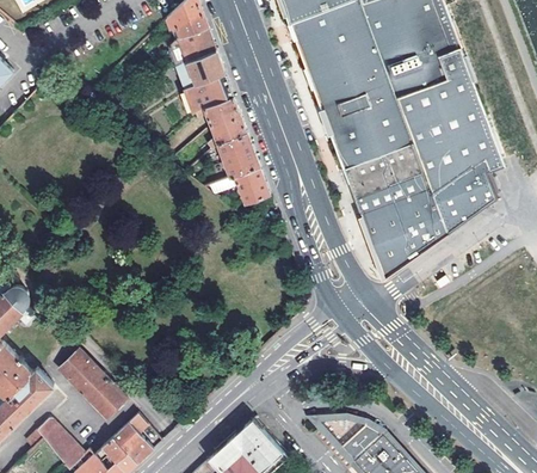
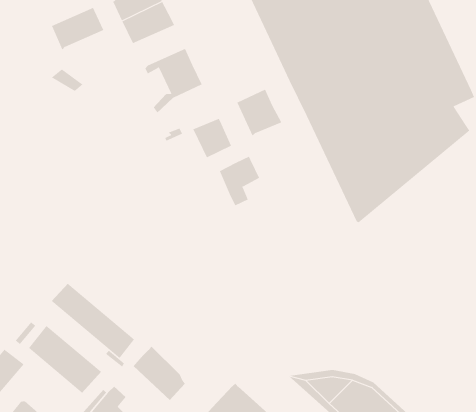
building: [183,73,233,111] -> [51,7,104,50]
building: [217,131,259,176] -> [237,89,282,136]
building: none -> [219,156,260,206]
building: none -> [51,283,135,359]
building: none -> [133,346,185,401]

